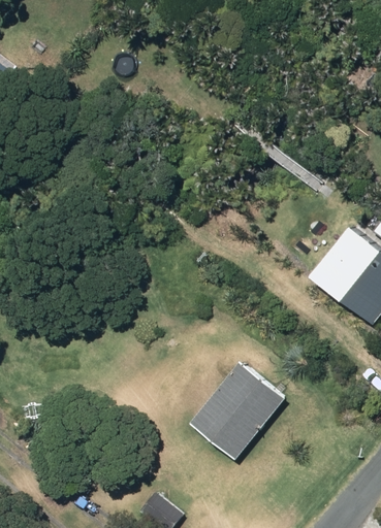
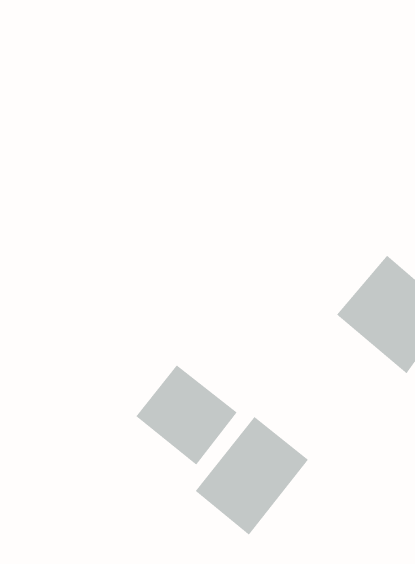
building: none -> [136,364,237,465]

